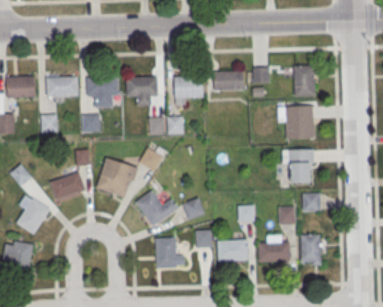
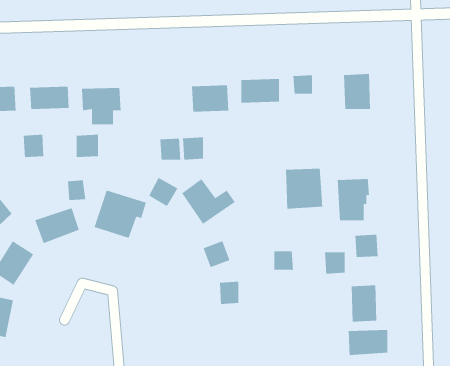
building: [126,76,158,95] -> none
building: [284,105,314,138] -> [285,168,323,210]
building: [135,190,178,227] -> [181,178,236,225]
building: [154,237,176,268] -> none
building: [218,240,247,262] -> none
building: [258,242,290,263] -> [348,329,388,356]

